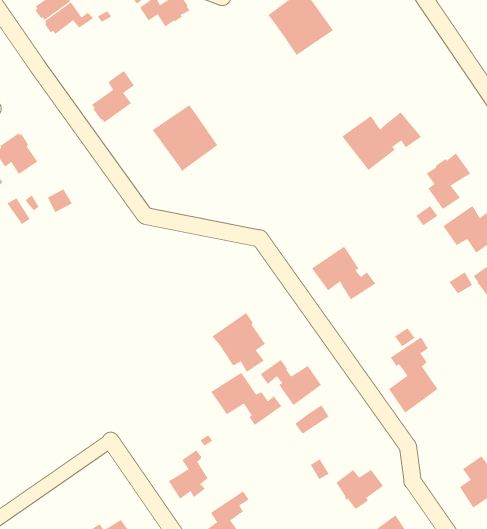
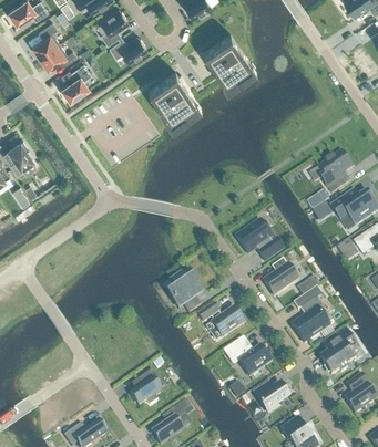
building: [91,70,135,123] -> [59,62,91,101]
building: [152,104,218,172] -> [147,71,196,121]
building: [342,111,422,171] -> none
building: none -> [263,259,297,297]
building: [211,372,282,426] -> none
building: none -> [307,331,357,375]
building: none -> [238,347,269,377]

